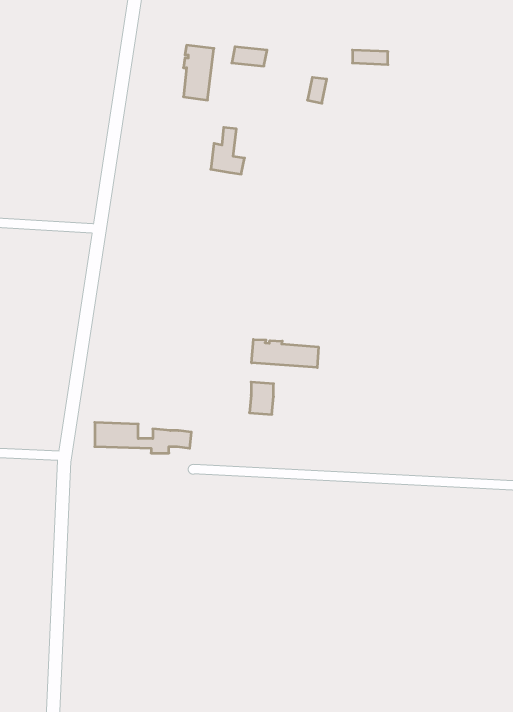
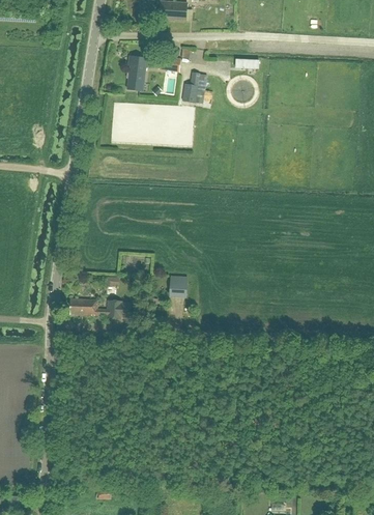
building: [211,127,245,174] -> [183,71,205,102]
building: [252,339,318,368] -> none

